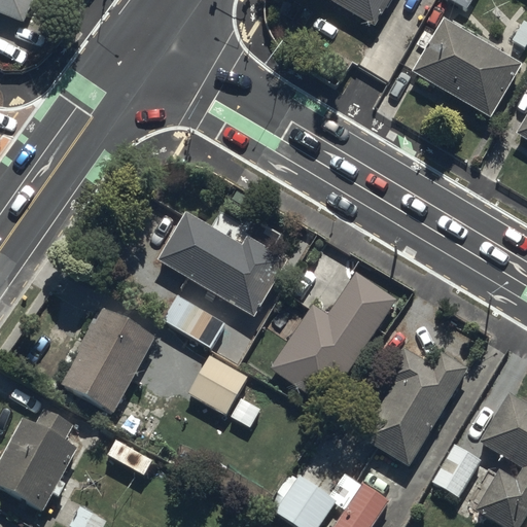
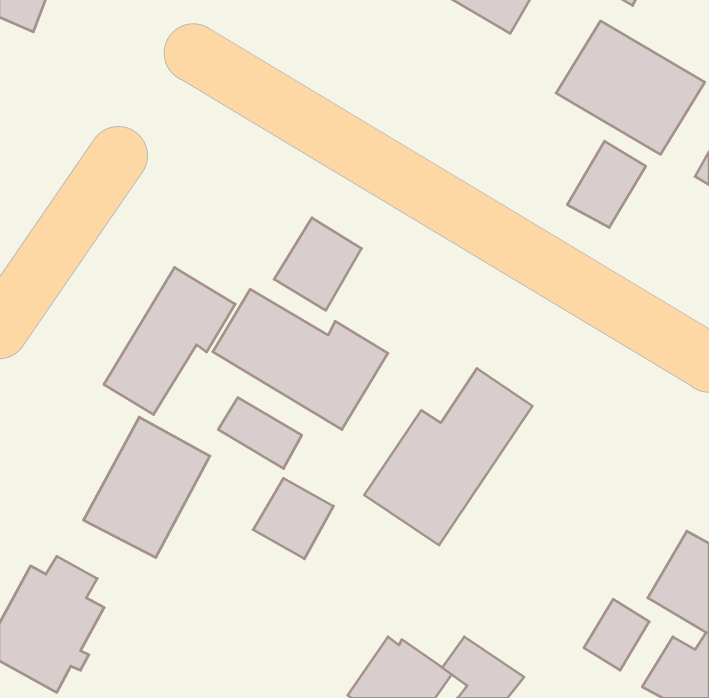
building: none -> [567,141,646,228]
building: none -> [274,218,362,310]
building: none -> [104,267,235,415]
building: [361,348,469,465] -> none

